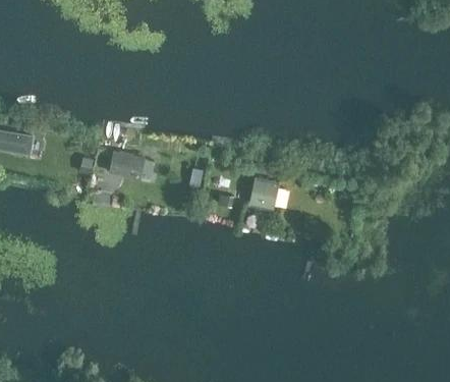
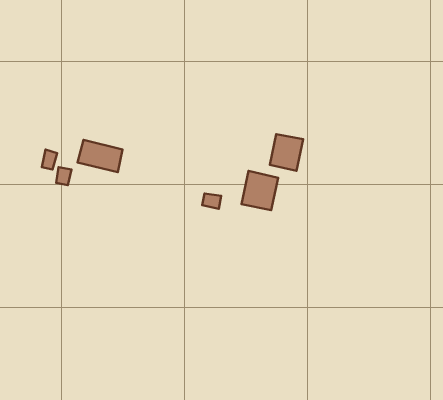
building: none -> [270,134,303,171]

